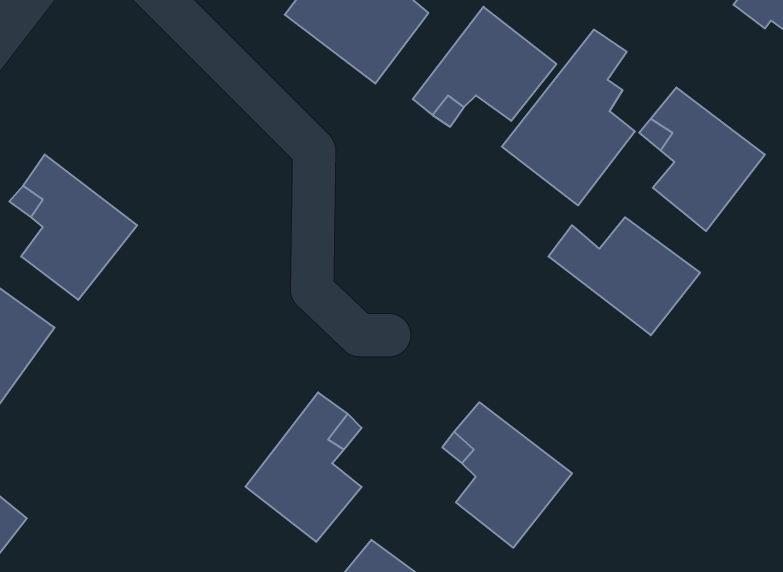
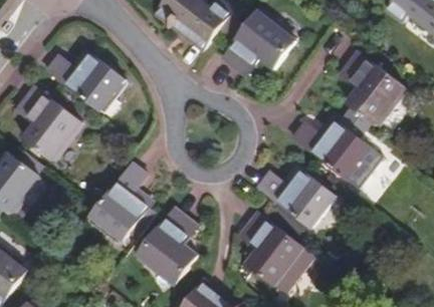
building: [502,30,635,205] -> none
building: none -> [47,49,126,111]
building: none -> [90,164,152,241]
building: none -> [256,168,336,228]

